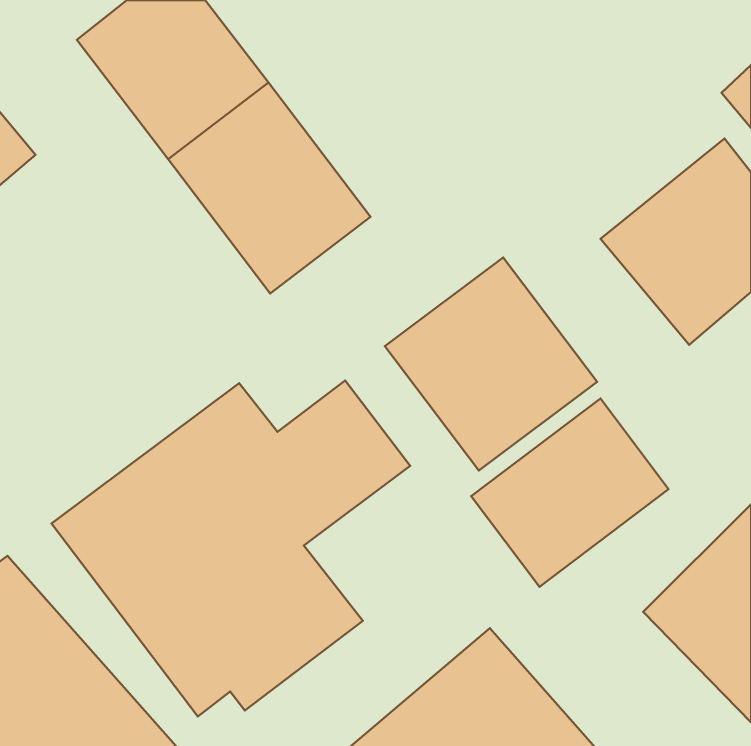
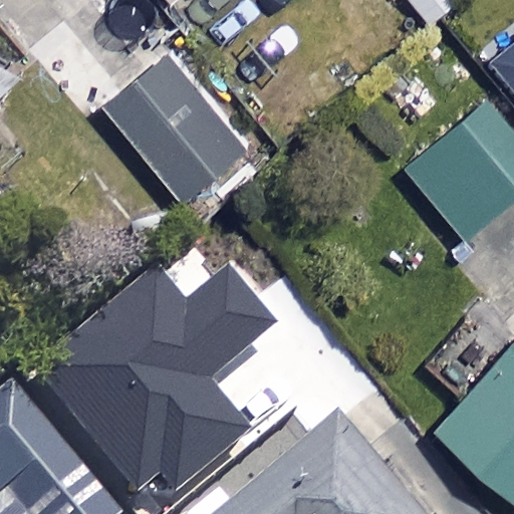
building: [385,258,597,470] -> none
building: [471,399,669,587] -> none

